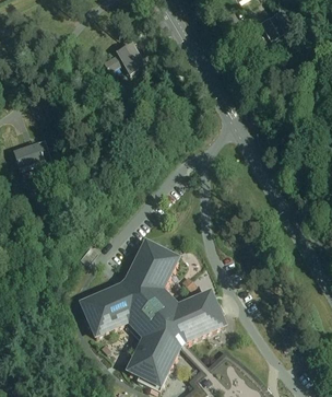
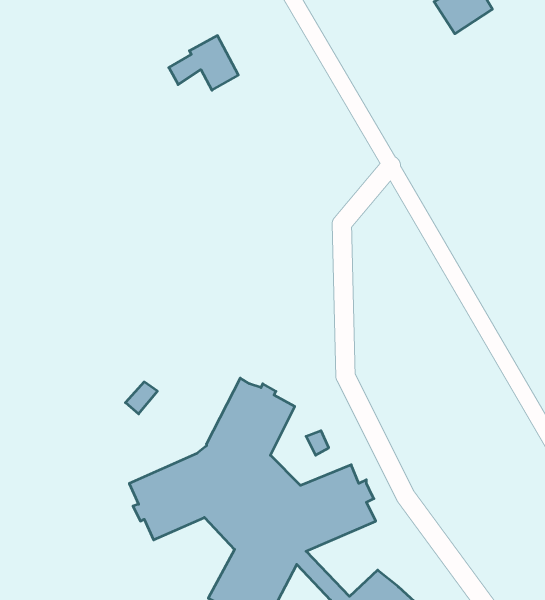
building: [13,140,50,170] -> none

